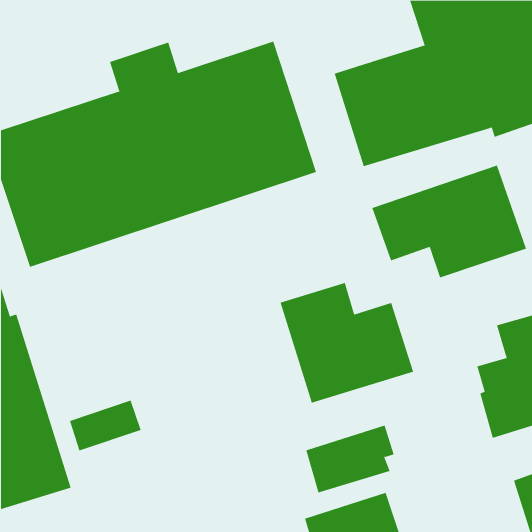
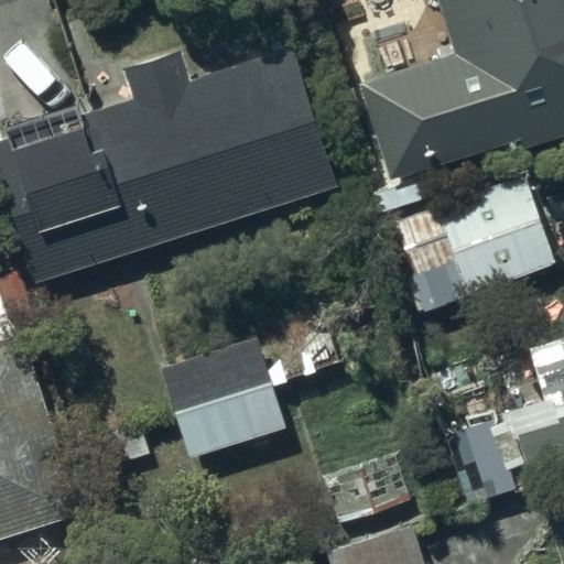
building: [280,282,414,404] -> none
building: none -> [161,338,288,460]

